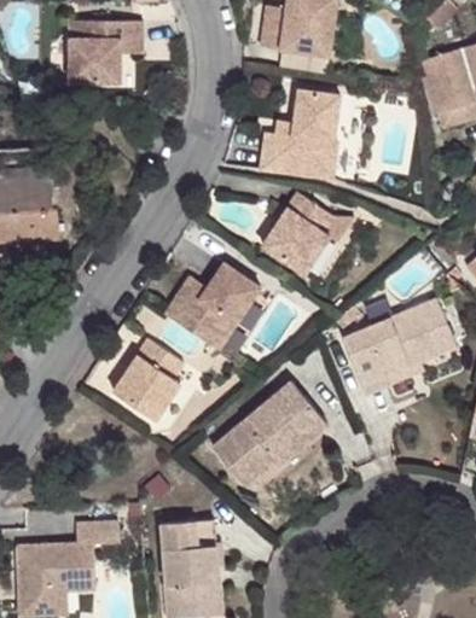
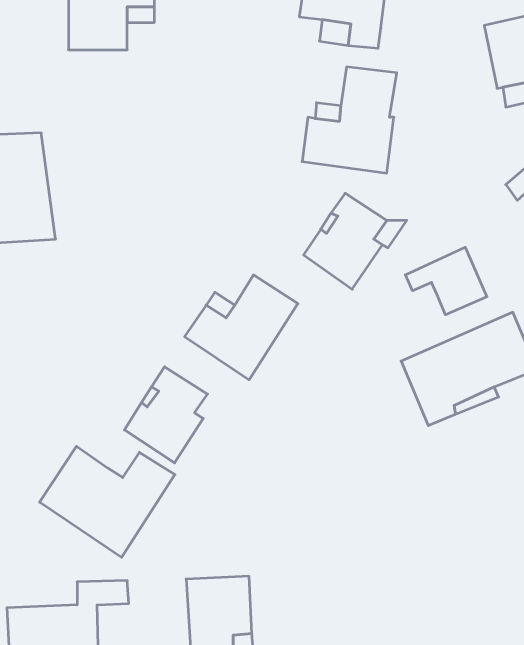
building: none -> [405,247,487,315]
building: [215,379,330,483] -> none
building: none -> [40,446,175,557]

